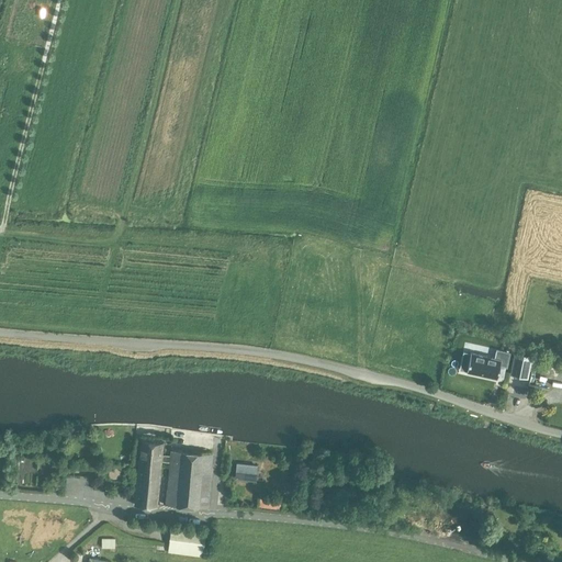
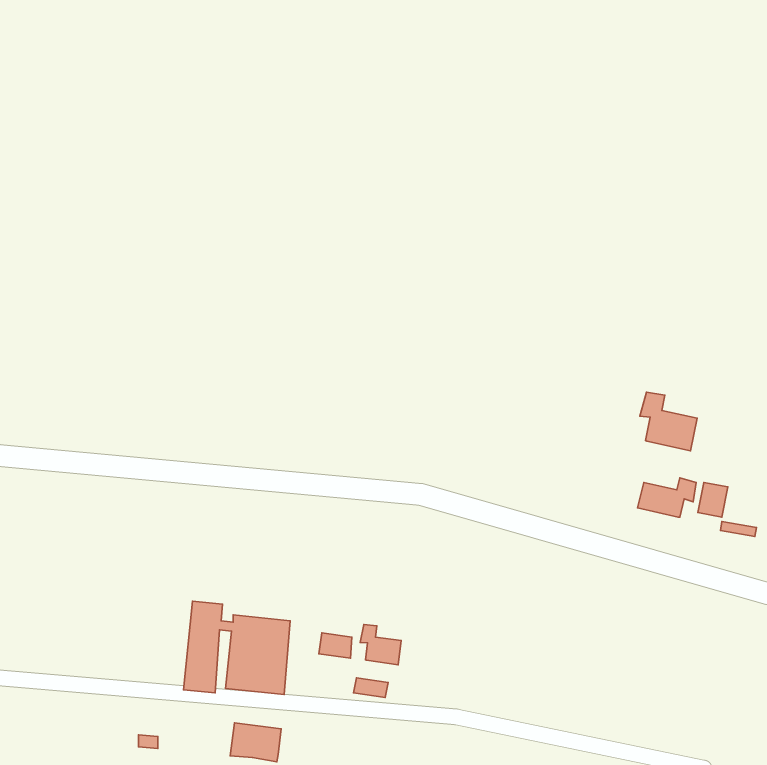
building: none -> [640,392,697,451]
building: none -> [360,625,401,665]

